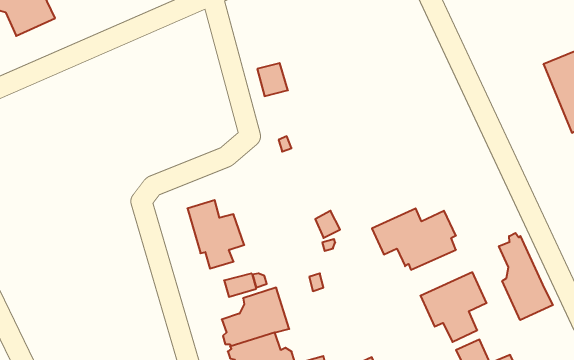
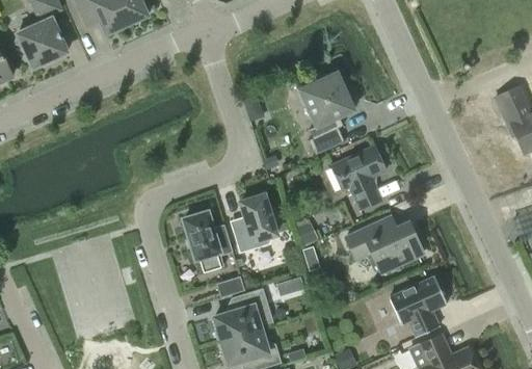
building: none -> [298,73,353,155]
building: none -> [330,146,384,210]
building: none -> [231,194,277,253]
building: [499,233,553,320] -> none

